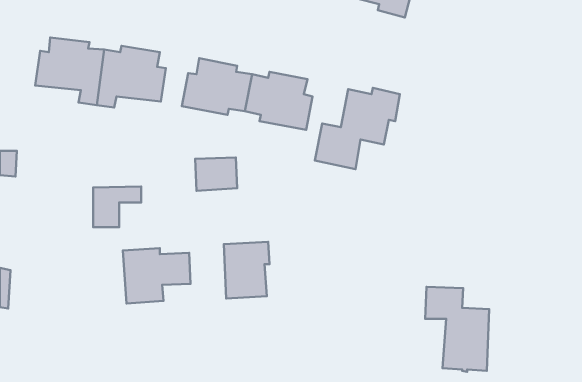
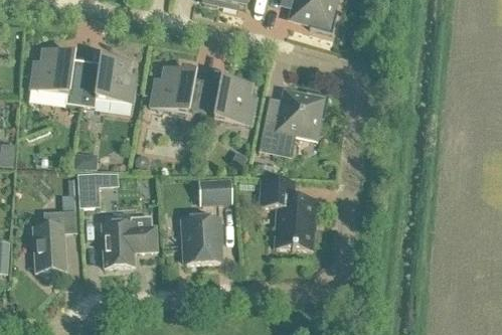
building: [195,158,237,191] -> [198,177,232,204]
building: none -> [33,197,76,271]
building: [425,287,489,372] -> [262,179,314,248]

